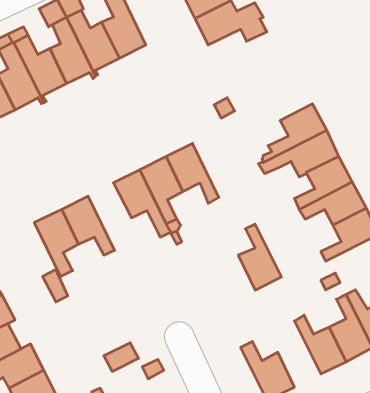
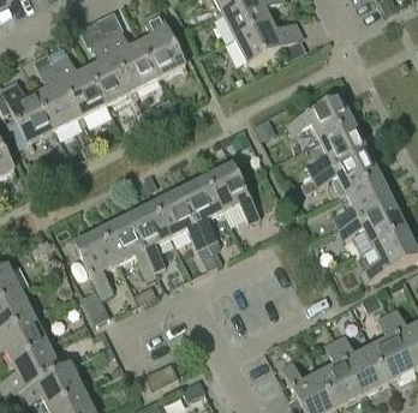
building: none -> [287,96,353,139]
building: none -> [129,202,172,269]
building: [238,224,281,290] -> [318,340,362,406]

